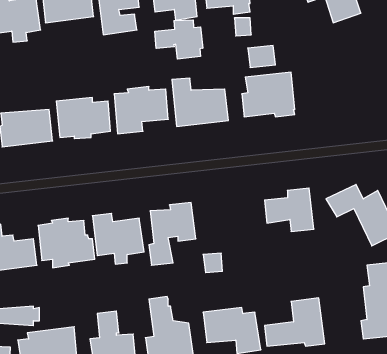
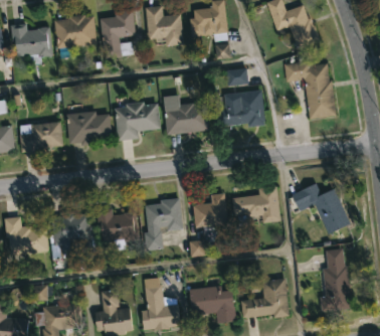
building: [155,20,203,59] -> none
building: none -> [283,60,338,119]
building: none -> [193,193,228,227]

